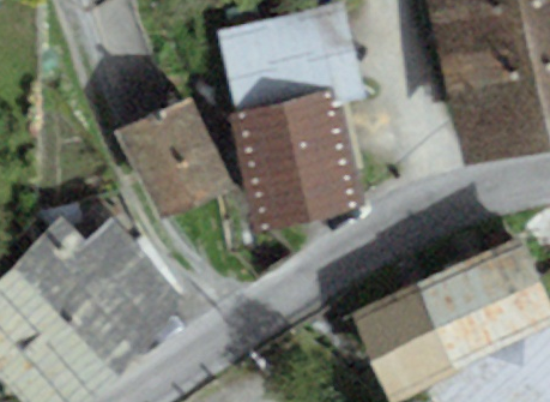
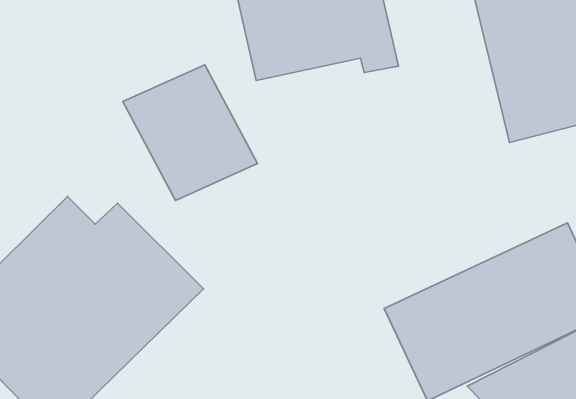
building: [230,89,358,233] -> none

